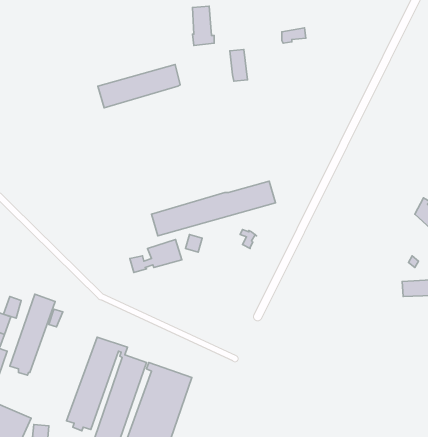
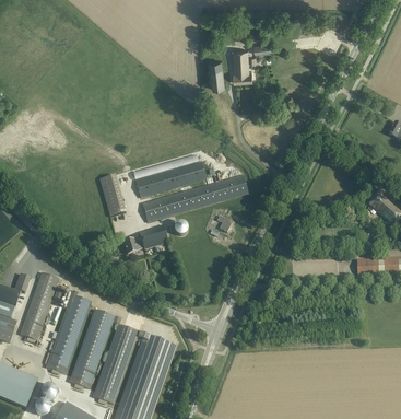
building: [193,6,214,46] -> [233,48,251,82]
building: [98,65,180,108] -> [134,161,205,198]
building: none -> [98,174,125,216]
building: none -> [45,290,90,374]

